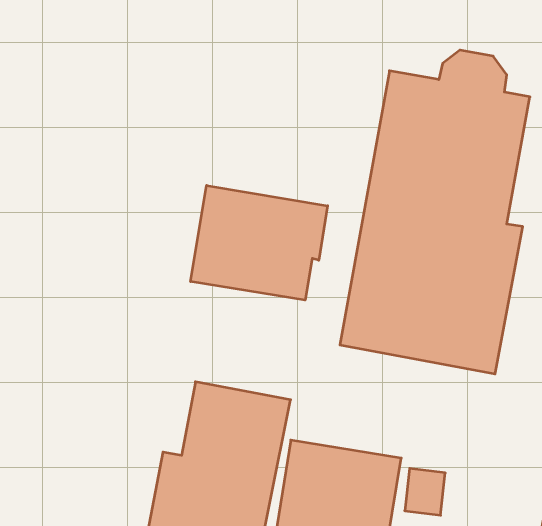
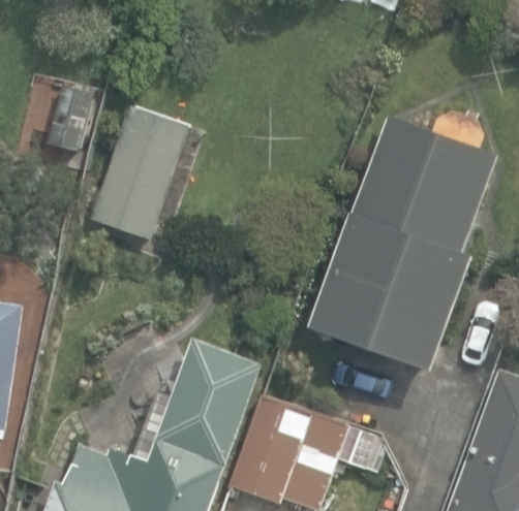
building: none -> [91,106,188,238]
building: [191,185,328,300] -> none

